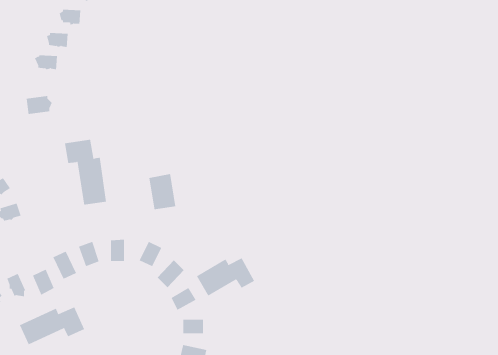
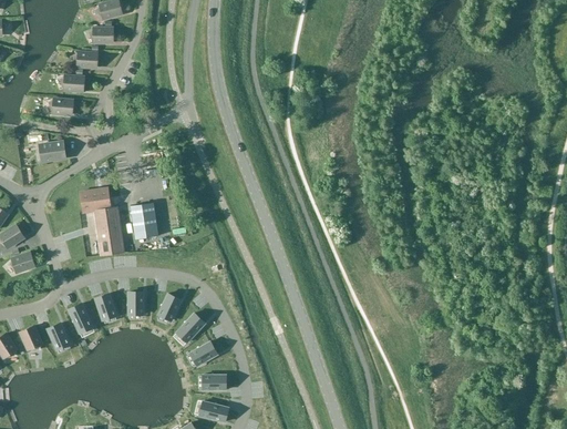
building: [149,174,176,210] -> [130,201,158,238]
building: [196,257,255,296] -> none
building: [19,306,85,345] -> none

